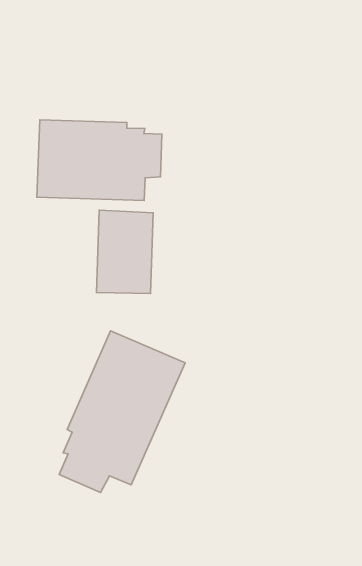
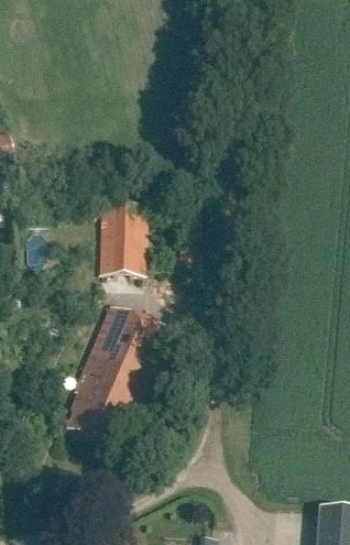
building: [37,120,162,200] -> none

